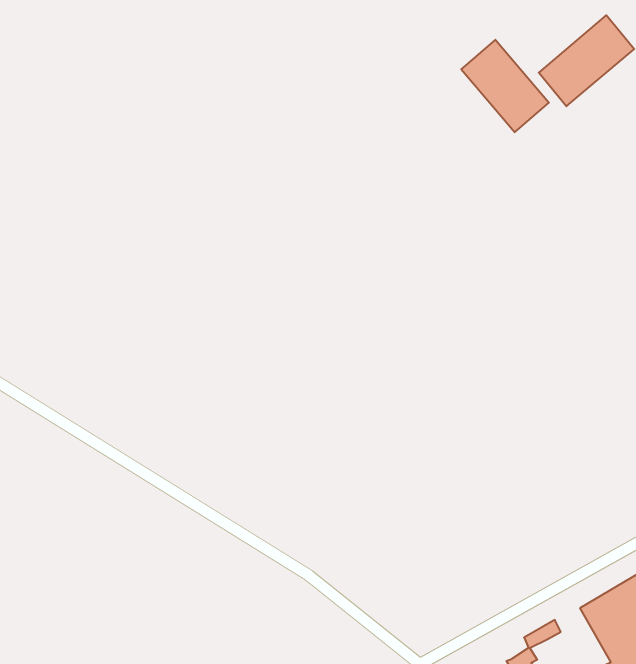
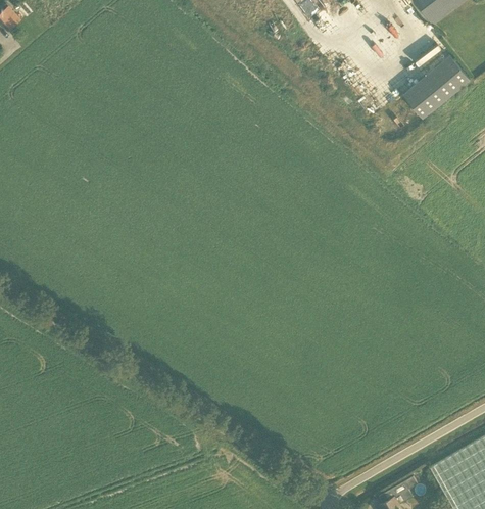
building: [461,40,549,132] -> none

